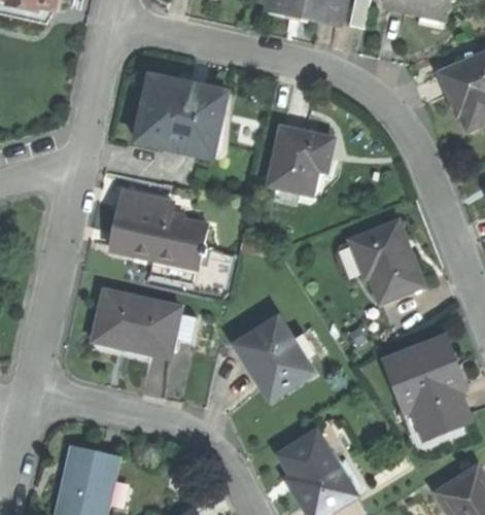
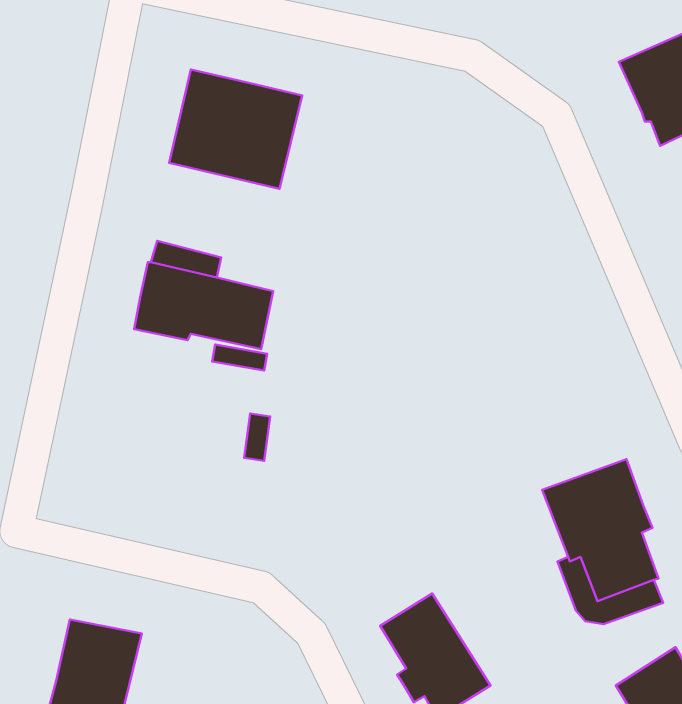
building: [270,128,332,193] -> none
building: [351,221,421,299] -> none
building: [94,291,180,358] -> none
building: [235,315,313,399] -> none

